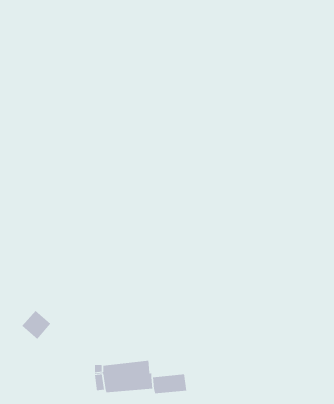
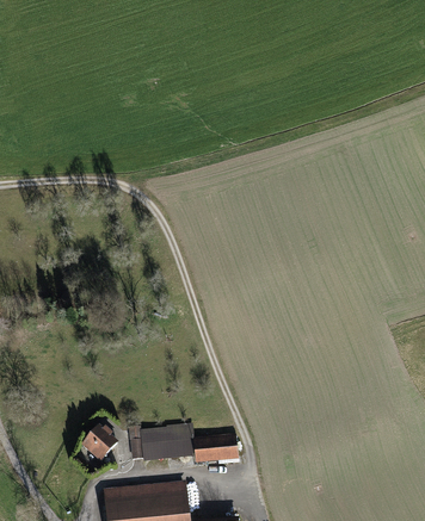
building: [22,310,51,340] -> [82,426,116,459]

